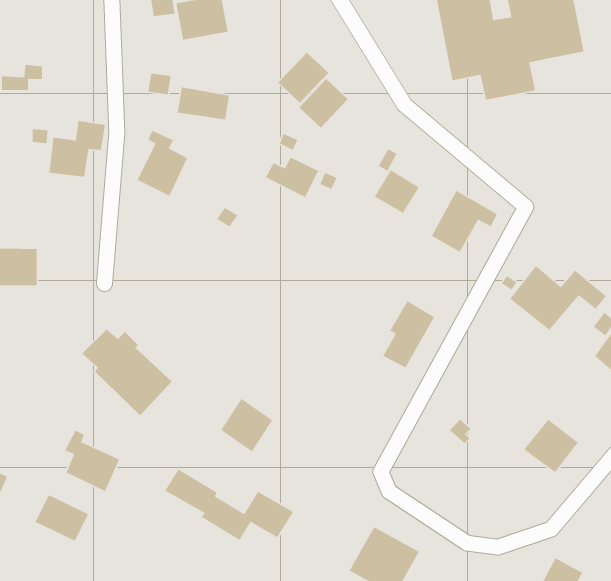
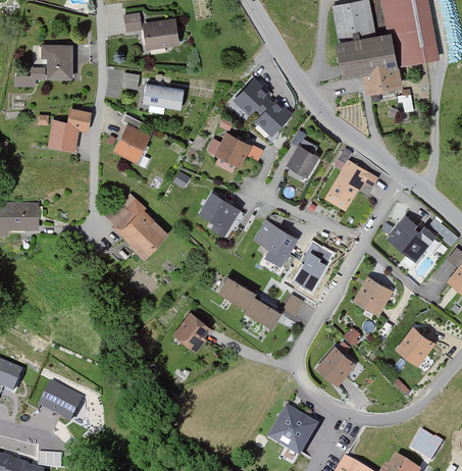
building: none -> [42,45,73,80]
building: [277,52,329,104] -> [253,98,291,136]
building: none -> [196,191,240,236]
building: none -> [253,219,299,266]
building: [82,328,172,416] -> [104,196,170,260]
building: none -> [354,276,393,315]
building: [64,429,120,492] -> none
building: none -> [315,346,356,386]
building: [164,468,294,541] -> [219,276,314,329]

